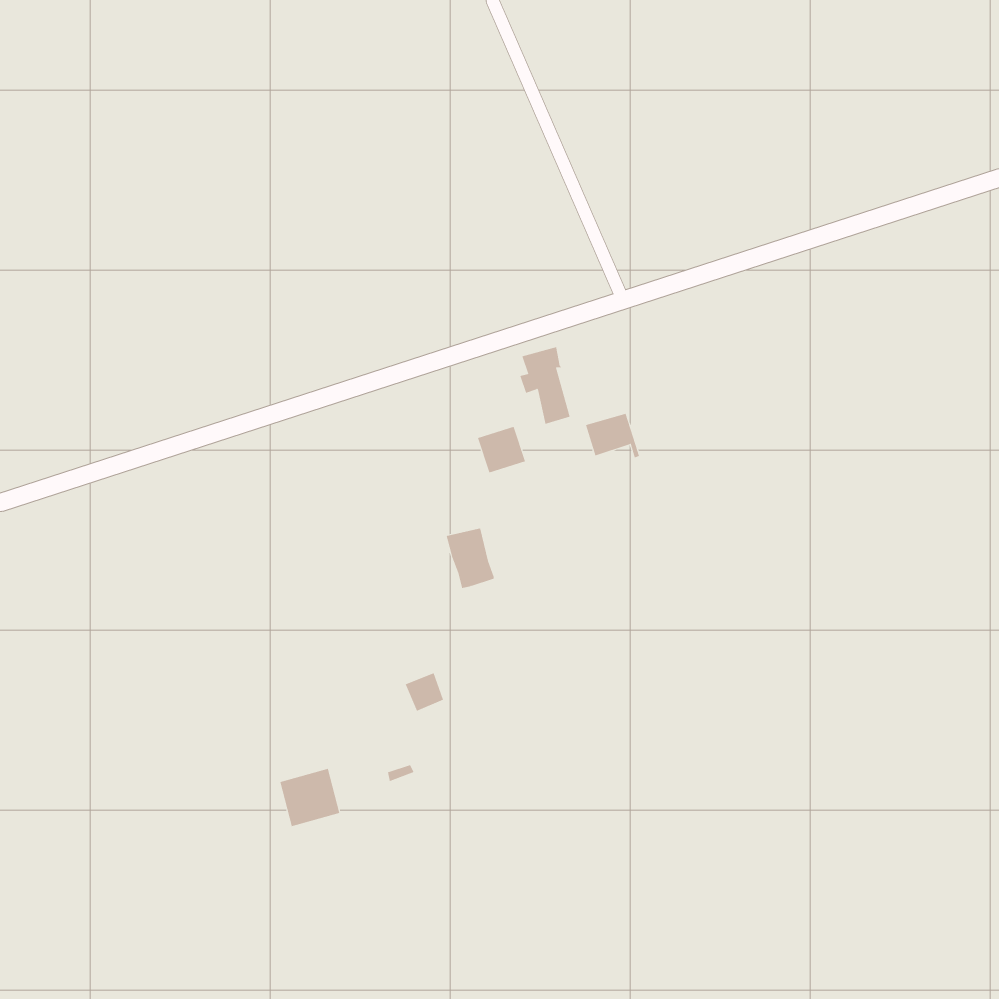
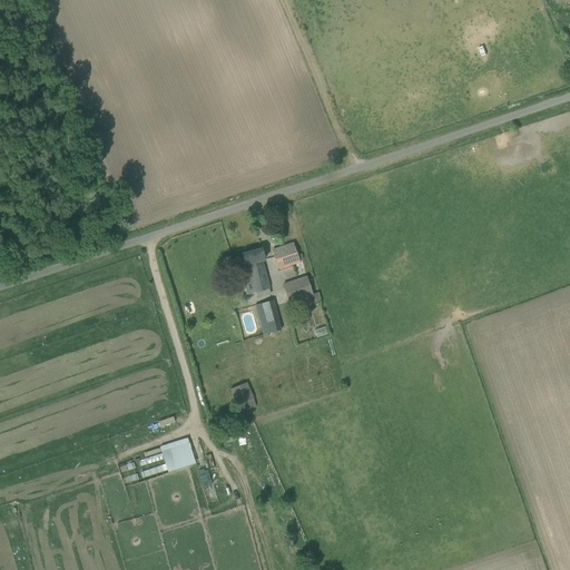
building: [520,346,570,425] -> [240,248,269,293]
building: [585,413,640,458] -> [283,277,314,303]

